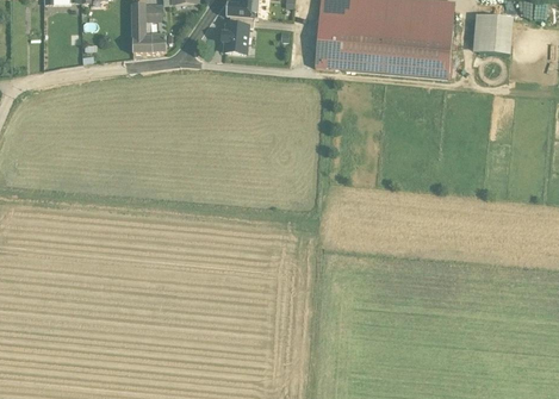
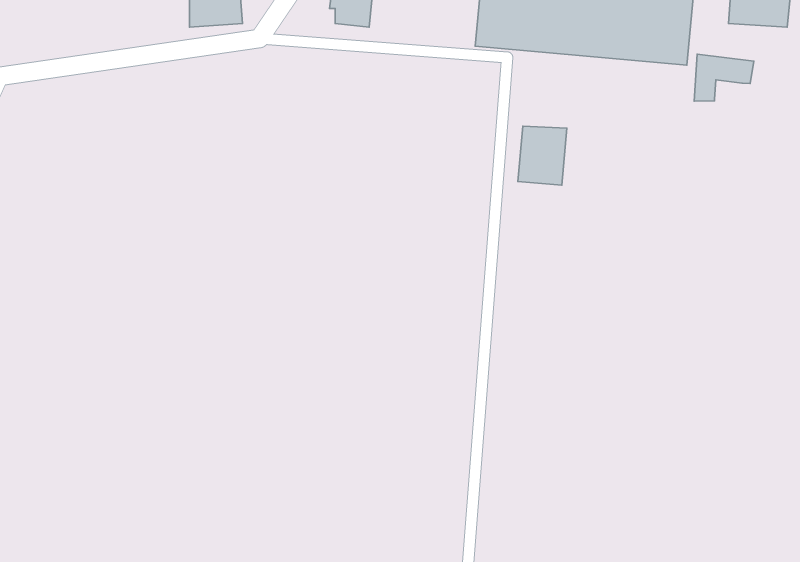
building: none -> [694,54,754,101]
building: none -> [518,126,567,185]

